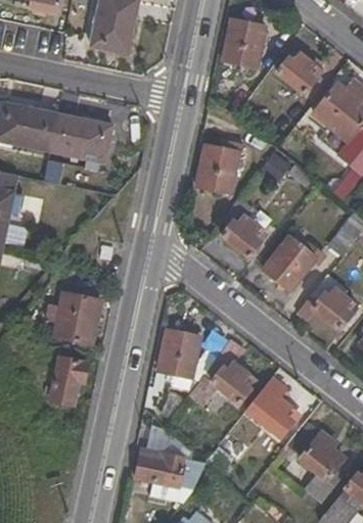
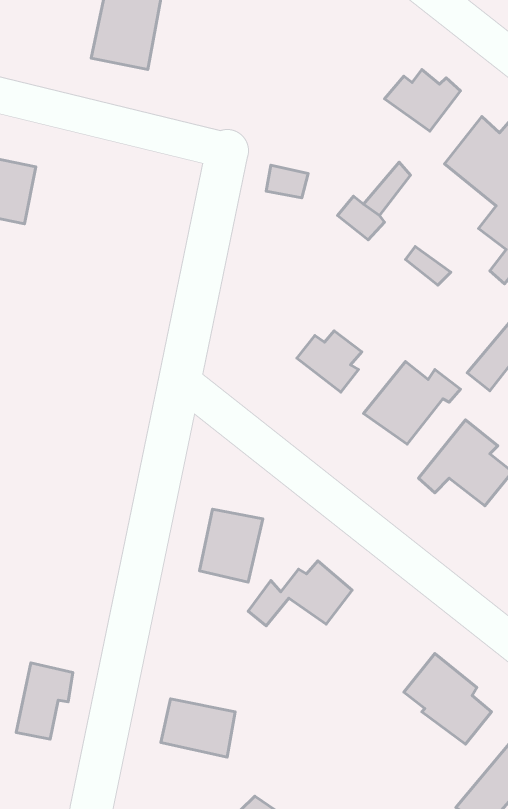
building: [224,20,265,67] -> none
building: [49,114,111,162] -> none
building: [196,145,238,191] -> none
building: [47,293,99,344] -> none
building: [50,356,86,405] -> [16,663,73,739]
building: [255,377,299,435] -> none

